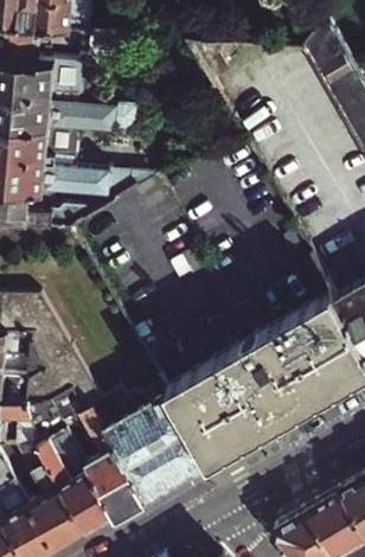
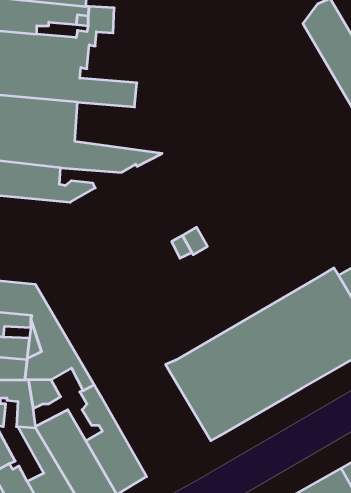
building: [103,388,212,502] -> none

